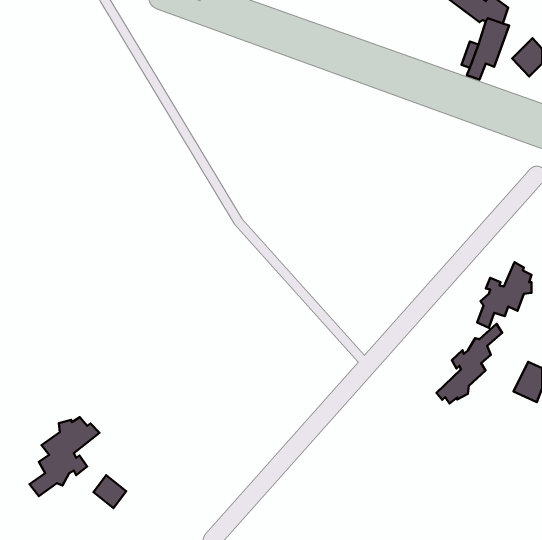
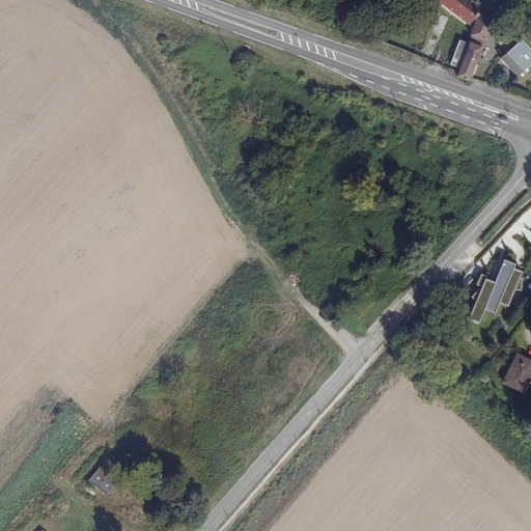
building: [436,324,502,403] -> none
building: [29,417,99,496] -> none

